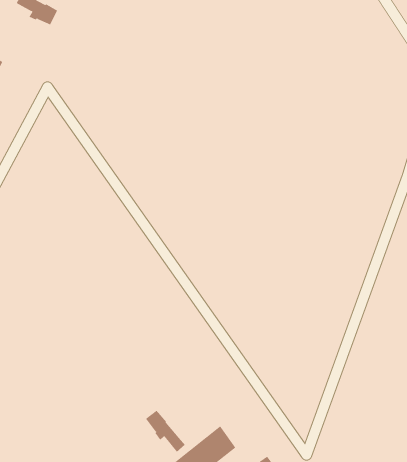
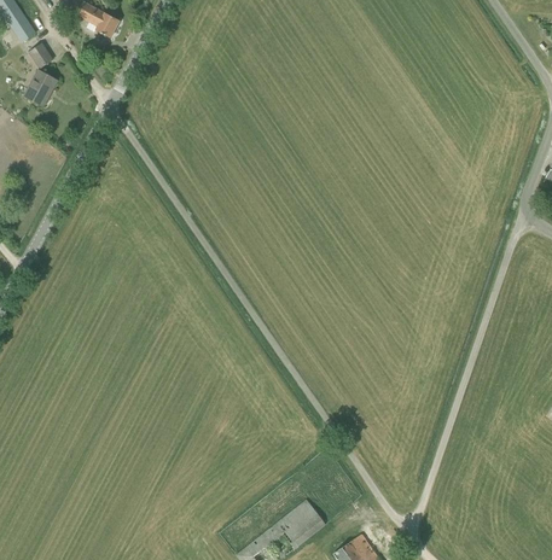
building: [145,410,185,452] -> none

